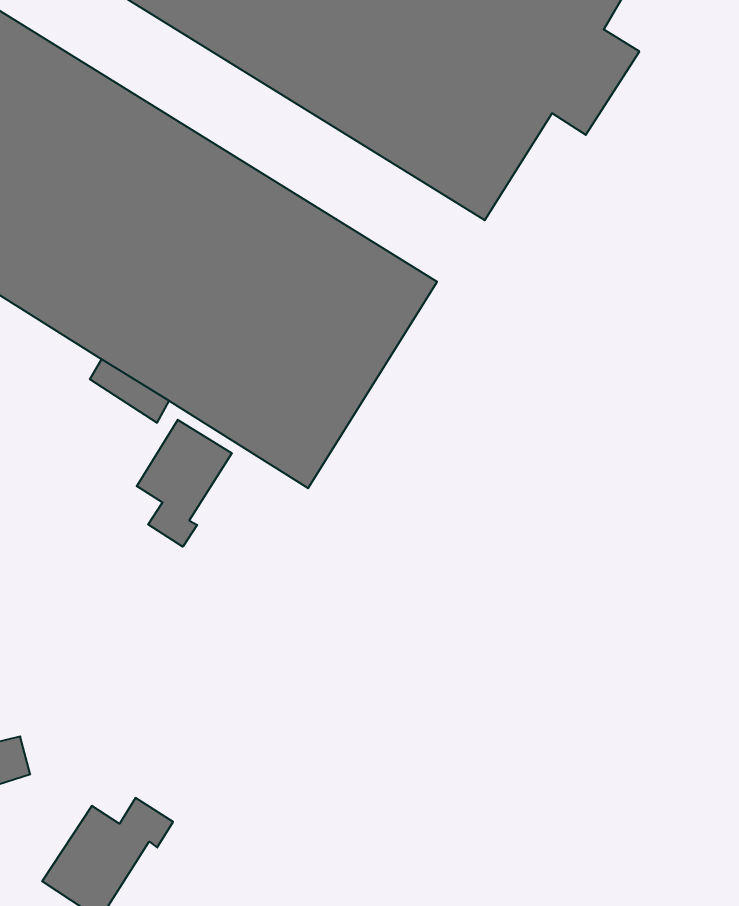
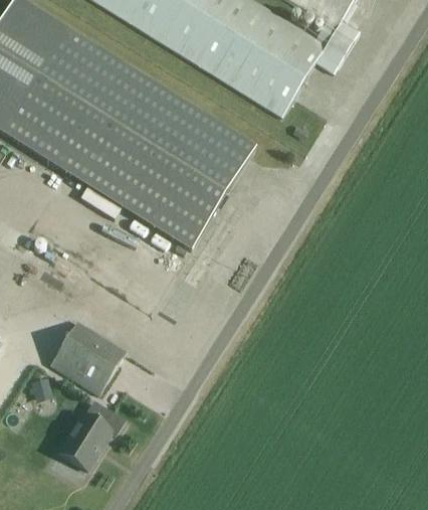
building: [137,420,232,547] -> none
building: none -> [49,319,127,394]

